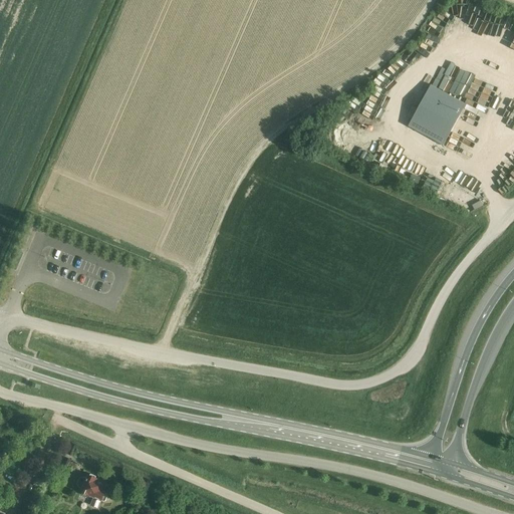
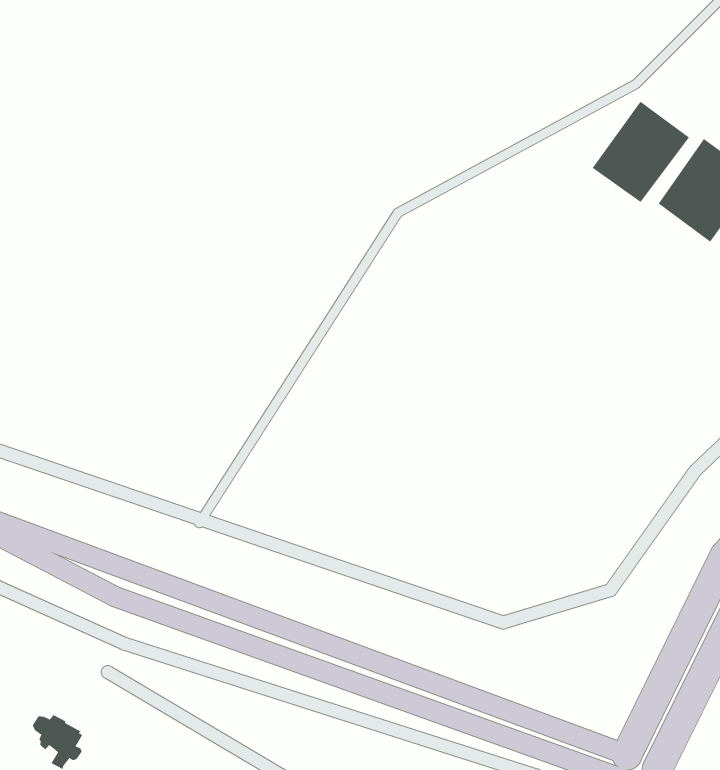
building: none -> [592,101,690,203]

